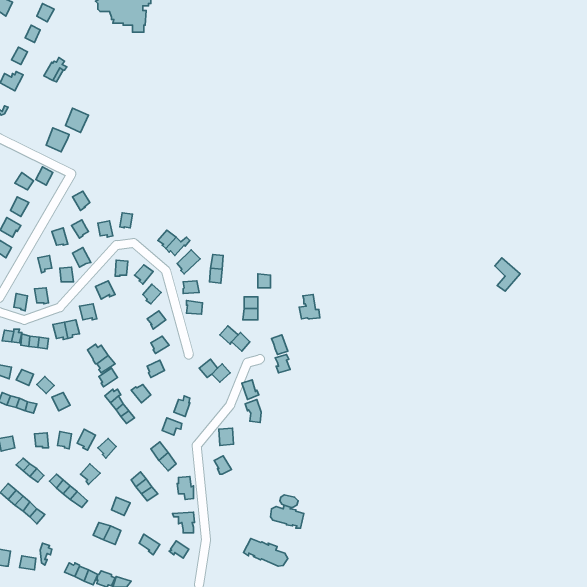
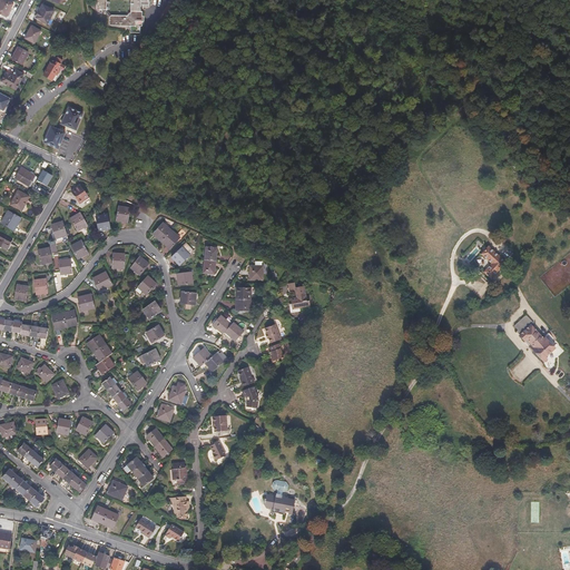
building: none -> [513,315,563,368]
building: [244,539,288,566] -> none

